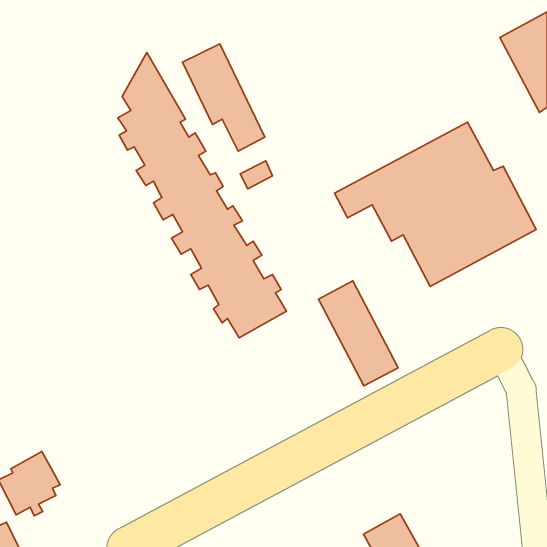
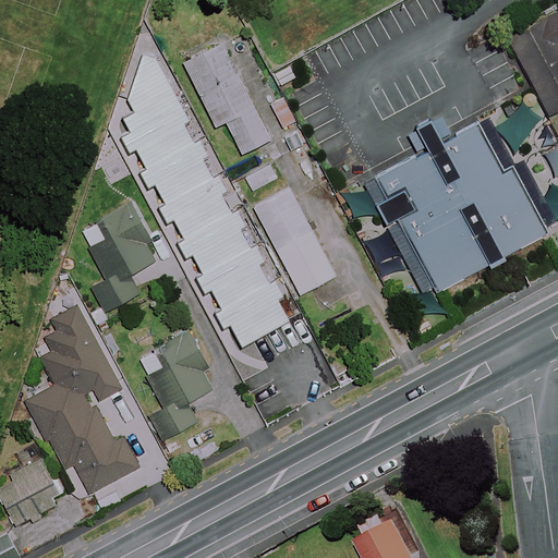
building: none -> [82,194,156,312]
building: [319,281,398,386] -> [254,189,335,295]
building: none -> [27,304,138,490]
building: none -> [138,329,211,439]

